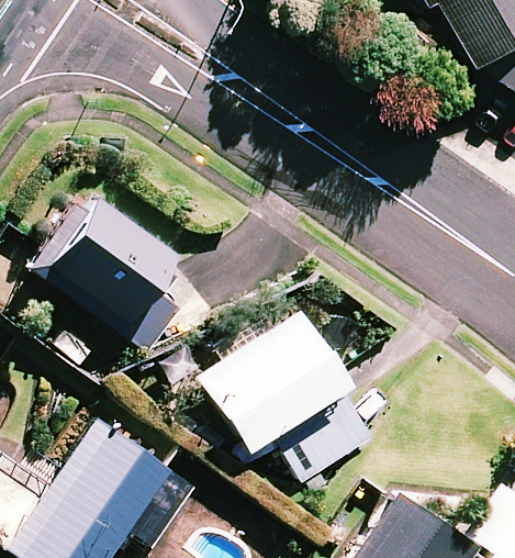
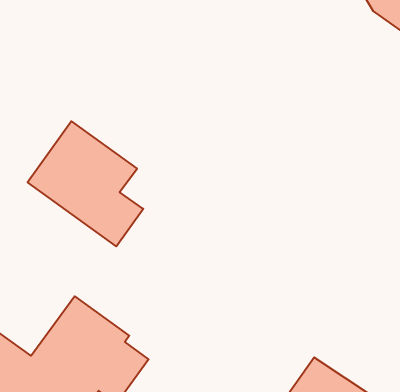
building: [199,308,377,488] -> none

